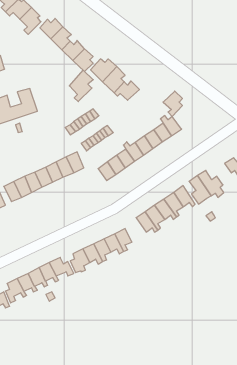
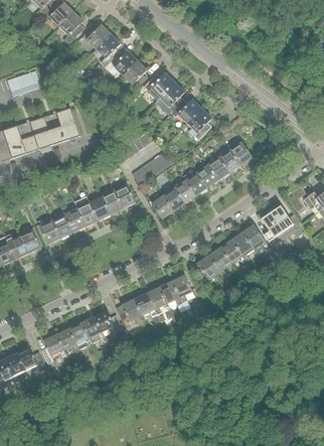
building: [69,70,93,102] -> none
building: [163,91,182,116] -> [187,109,210,139]

